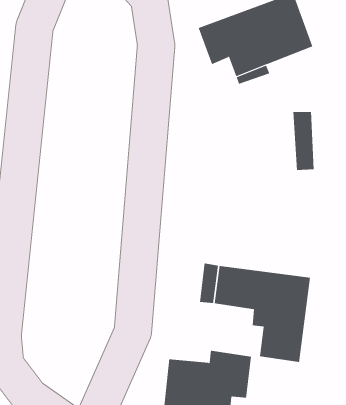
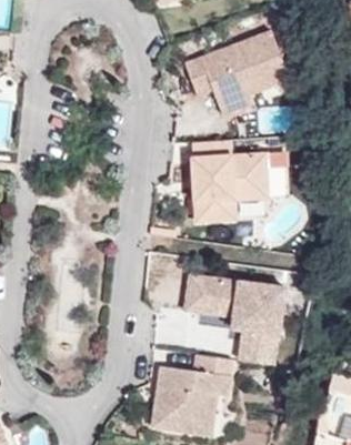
building: none -> [191,140,268,223]

